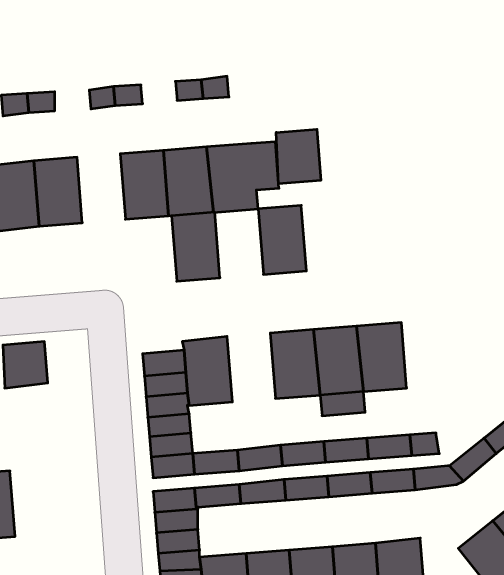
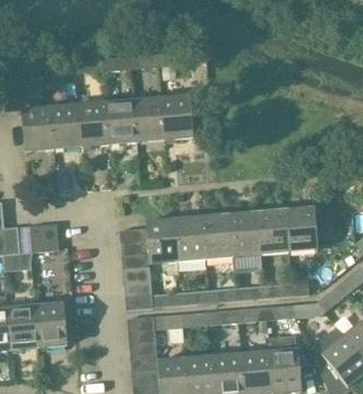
building: [276,129,321,184] -> none
building: [258,205,306,274] -> [174,216,205,260]
building: [172,212,220,281] -> [78,102,109,146]
building: none -> [286,207,335,252]
building: none -> [35,302,67,347]

